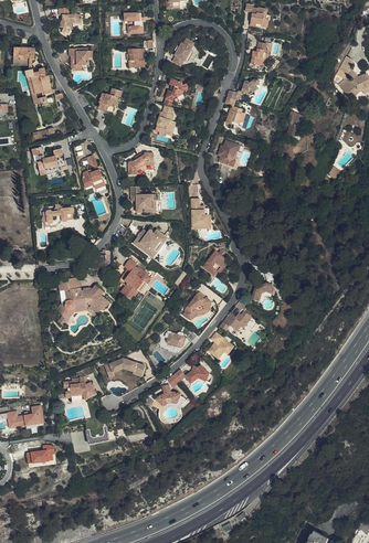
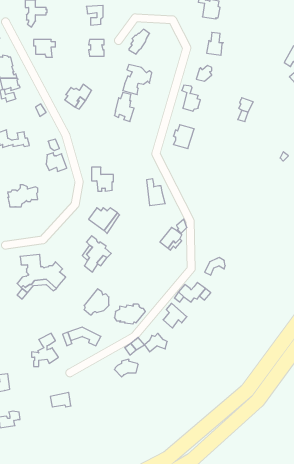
building: [129,150,158,173] -> none
building: [183,291,210,319] -> [84,289,109,315]

